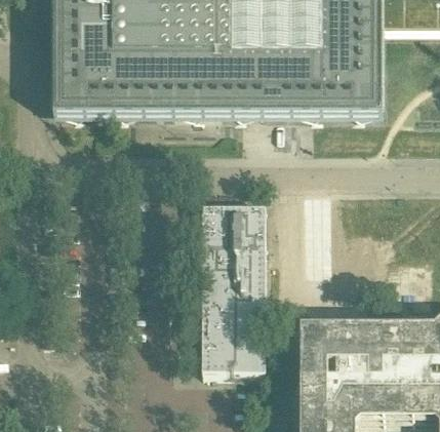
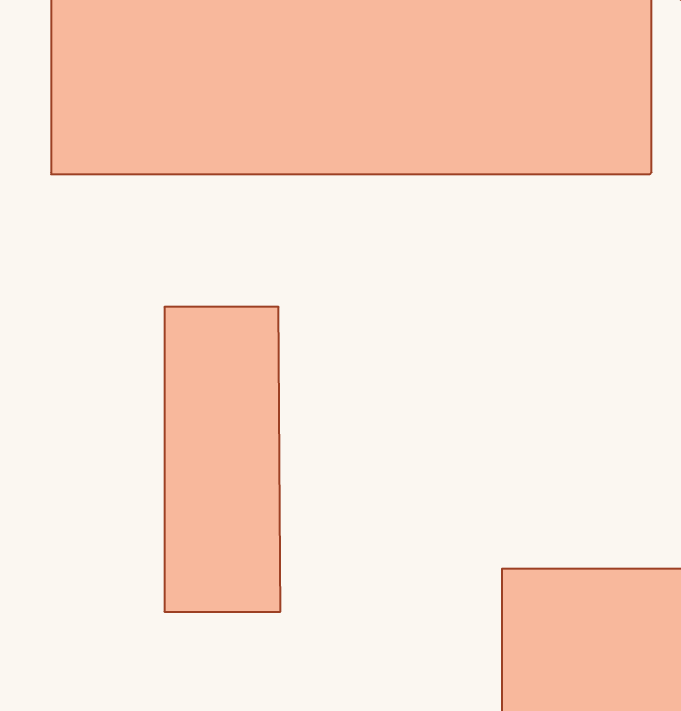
building: [203,201,267,368] -> [164,307,280,612]

